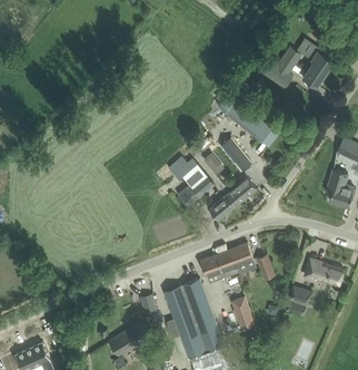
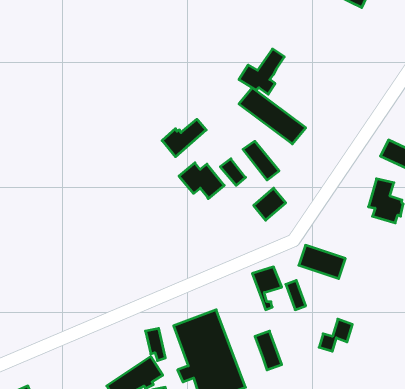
building: [304,42,334,86] -> none
building: [262,47,300,85] -> [239,49,284,94]
building: [177,175,213,206] -> [162,119,206,157]
building: [208,192,240,222] -> none
building: [200,249,238,280] -> none
building: [305,259,344,286] -> [299,245,345,279]

